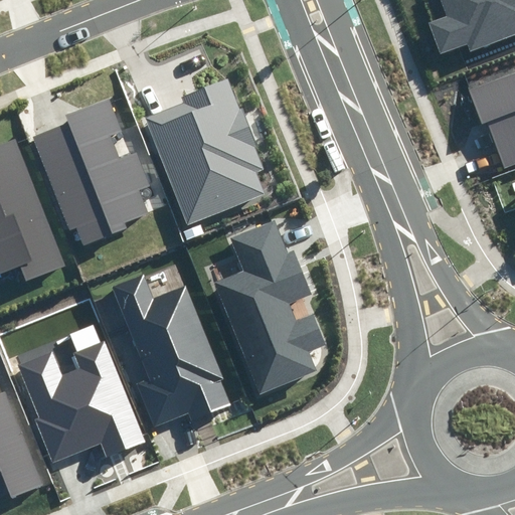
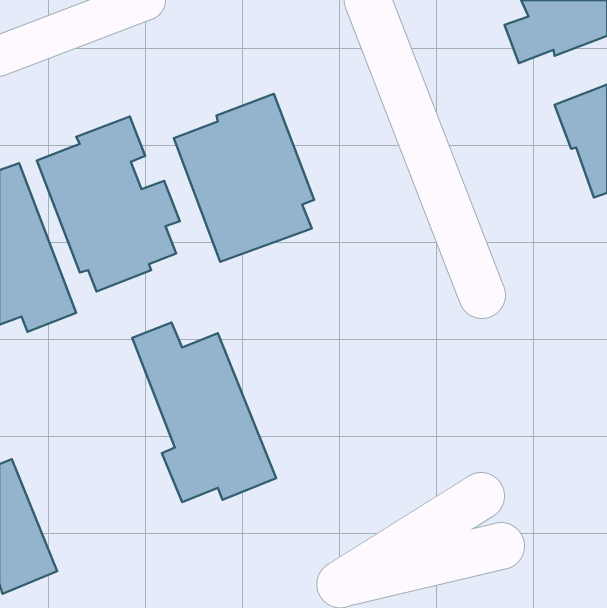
building: [211,222,328,395] -> none
building: [11,339,144,460] -> none

